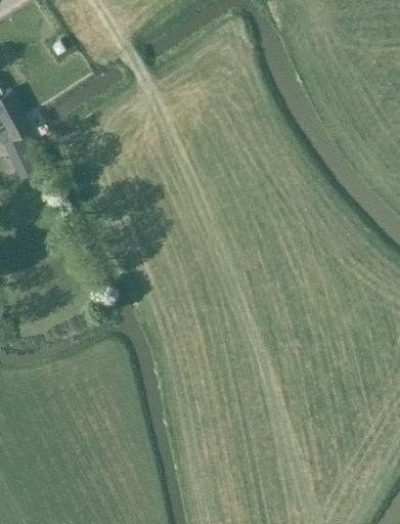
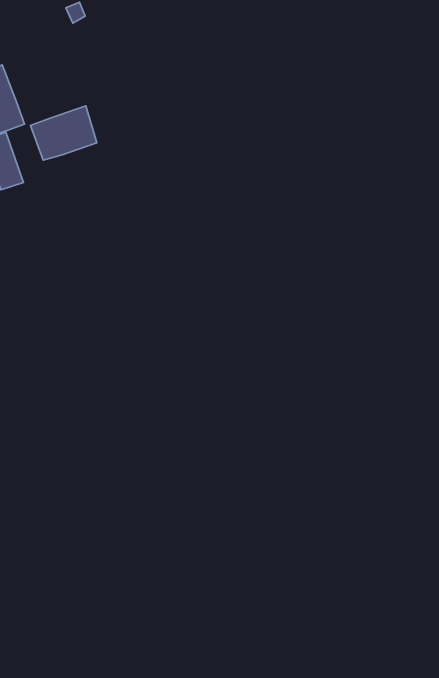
building: none -> [31,106,97,160]

